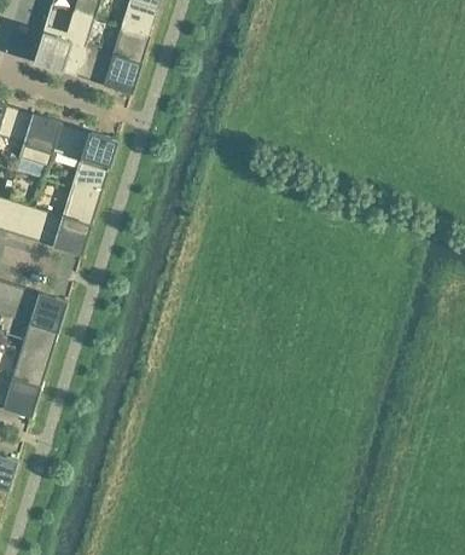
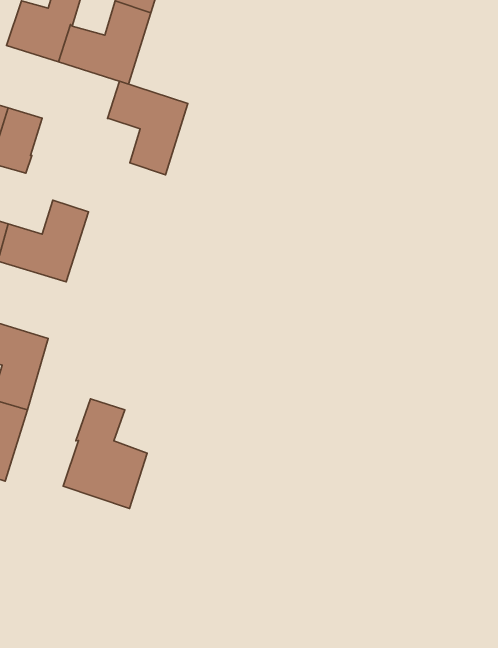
building: [51,122,116,198] -> [107,81,188,175]
building: none -> [63,399,147,509]

